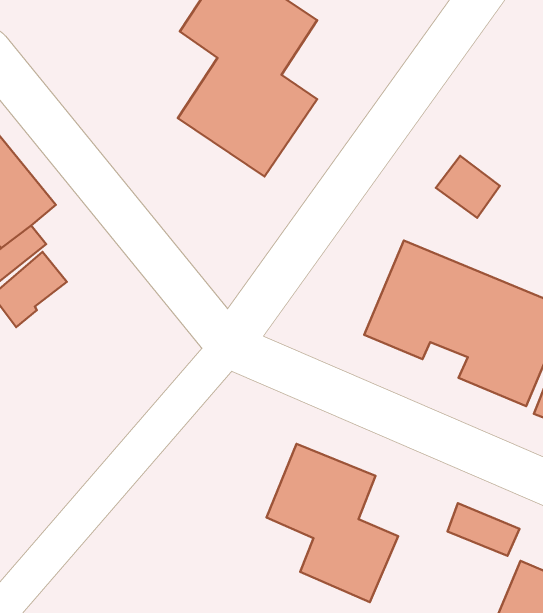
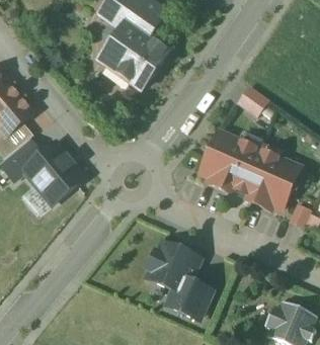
building: none -> [21,141,81,200]
building: [447,503,519,556] -> none

